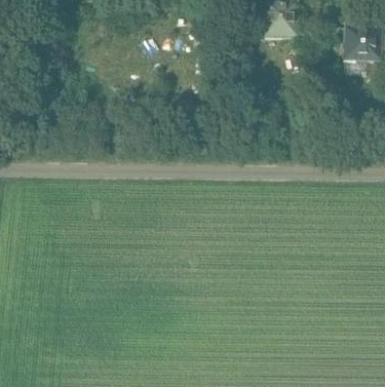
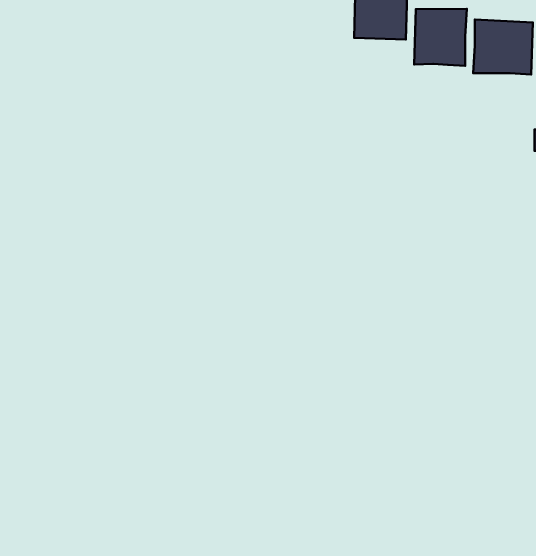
building: none -> [414,9,467,66]

